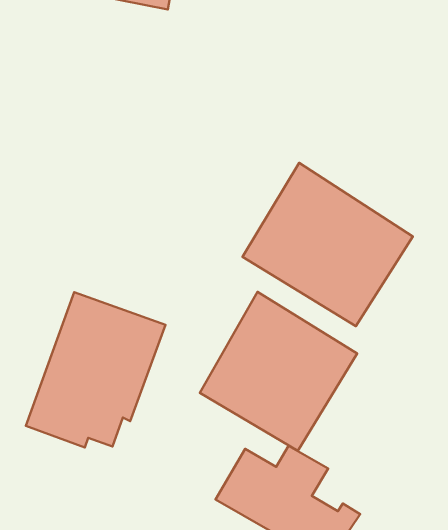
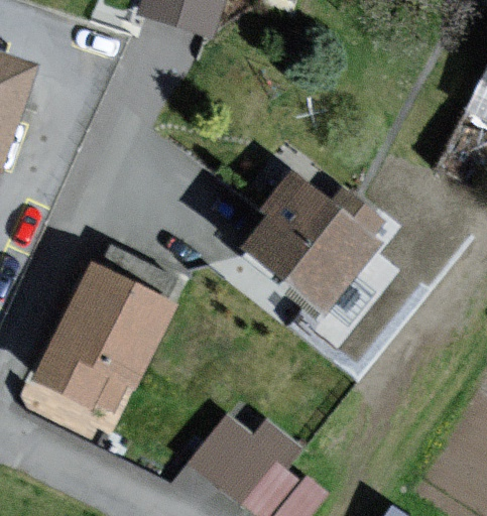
building: [200,292,357,451] -> none

